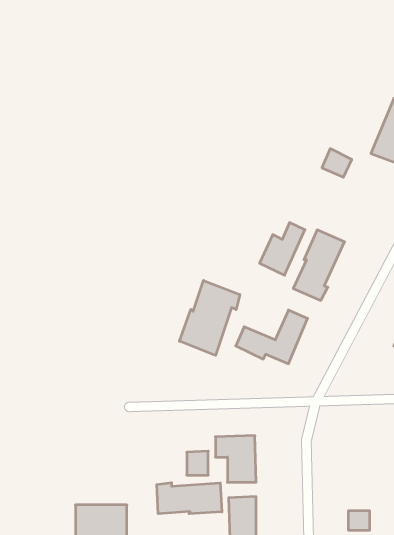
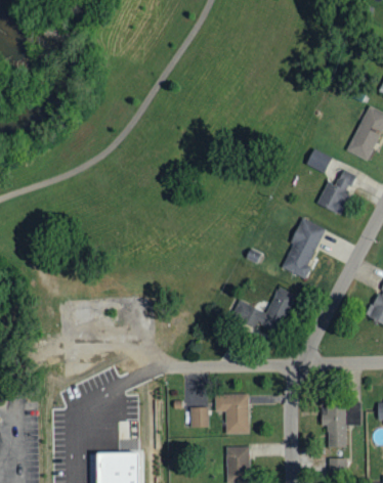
building: [260,223,305,275] -> [317,170,356,215]
building: [179,280,240,355] -> none
building: none -> [324,402,361,448]
building: [157,483,222,514] -> none

